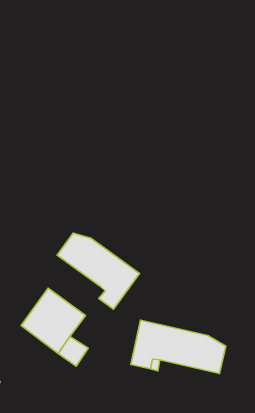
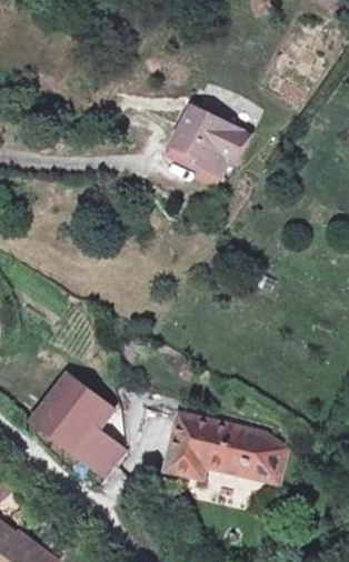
building: none -> [175,108,248,175]
building: [57,233,139,309] -> none

